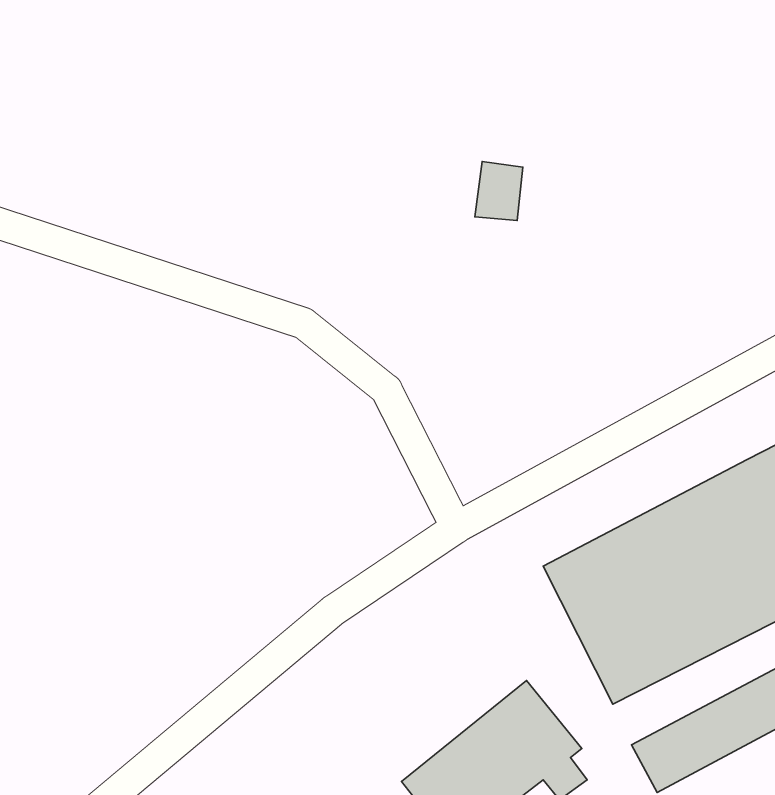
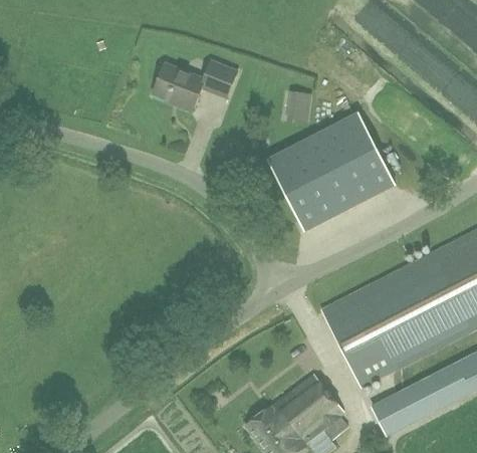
building: none -> [152,59,236,110]
building: none -> [269,111,395,229]

